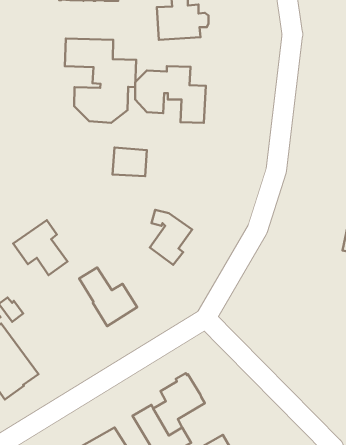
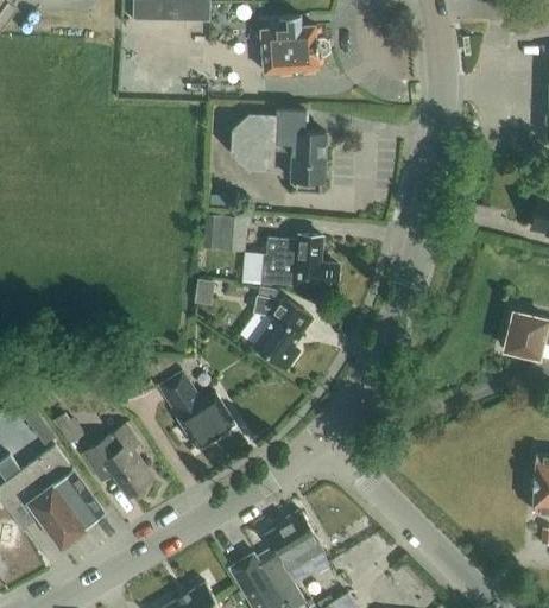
building: [65,39,136,123] -> none
building: none -> [263,236,337,289]
building: [13,220,68,275] -> [83,424,154,496]

